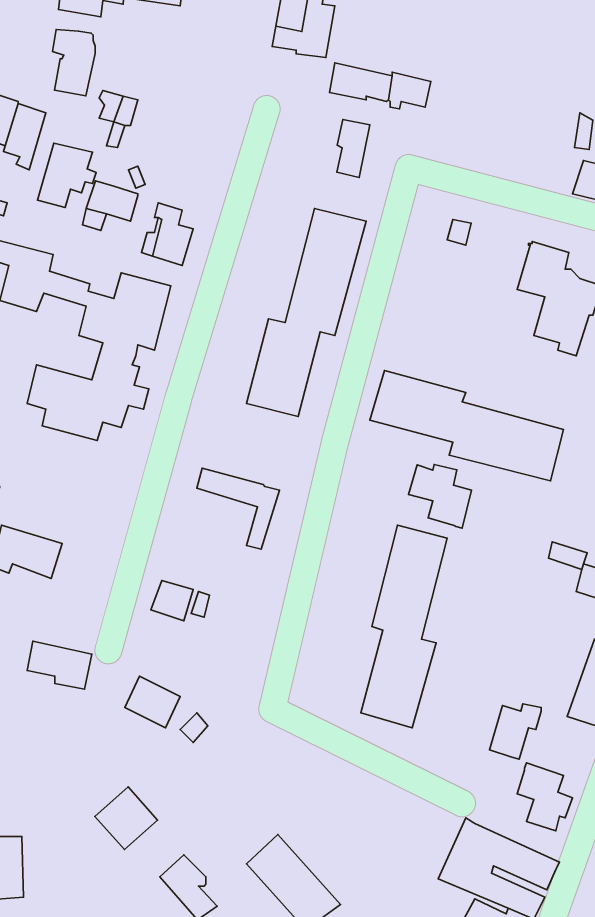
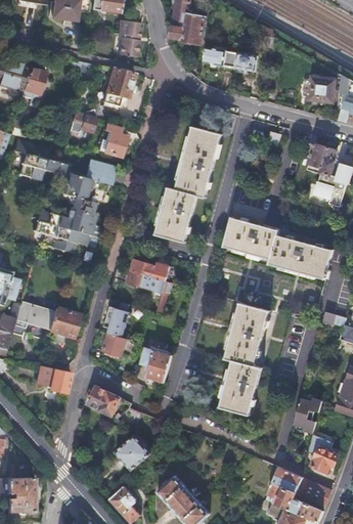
building: [53,29,95,96] -> [117,21,140,58]
building: none -> [309,75,335,101]
building: [337,119,370,178] -> none
building: [37,143,96,207] -> [103,70,136,105]
building: none -> [132,259,171,280]
building: [408,464,472,528] -> none
building: none -> [104,302,129,336]
building: none -> [48,309,78,339]
building: none -> [140,346,171,382]
building: [95,787,158,850] -> [115,434,149,469]

